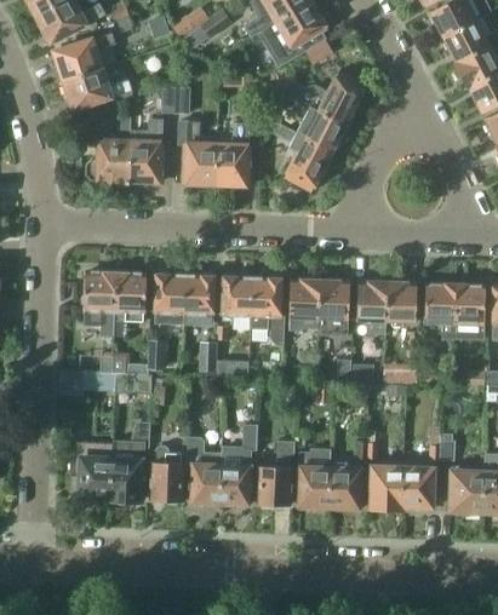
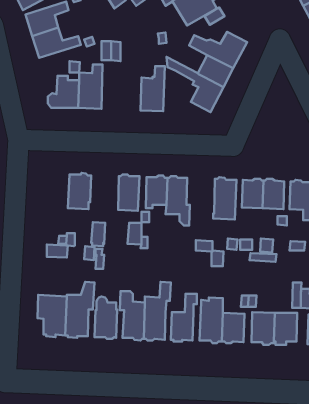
building: [177,121,217,184] -> none
building: [82,270,116,335] -> none
building: [155,272,185,323] -> none
building: [288,277,320,331] -> none

